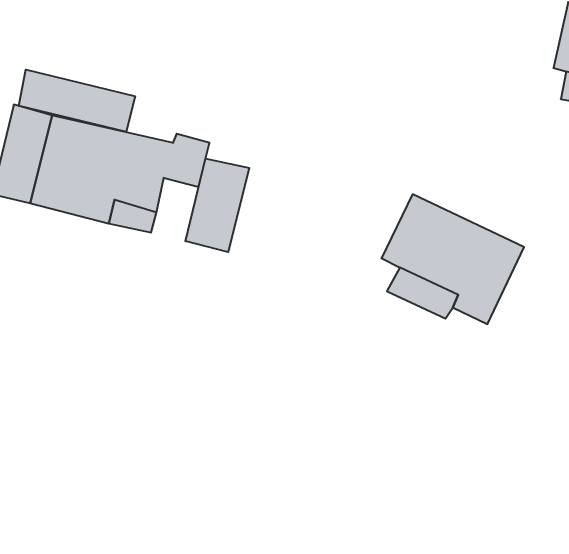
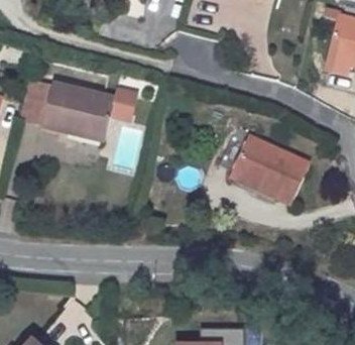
building: [19,70,135,132] -> none
building: [185,158,249,252] -> none

